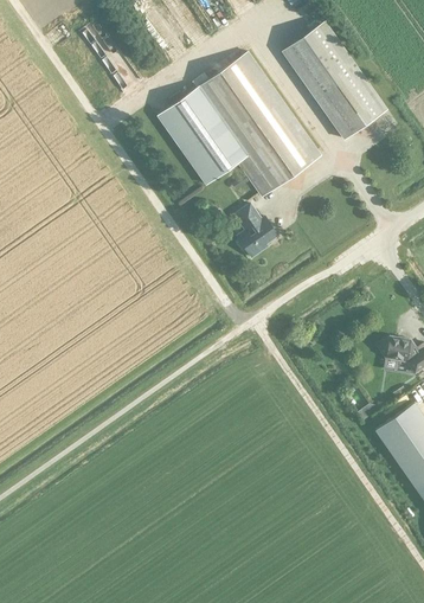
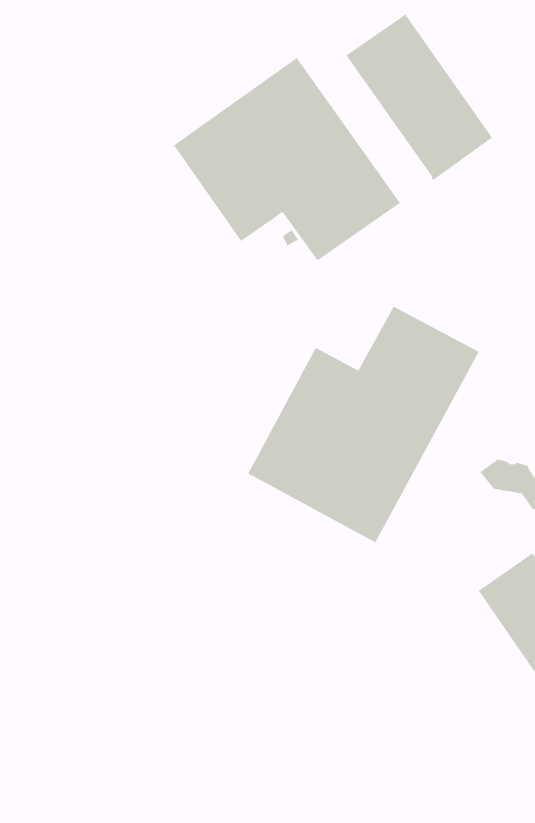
building: [235,204,277,257] -> none
building: none -> [245,306,479,543]

